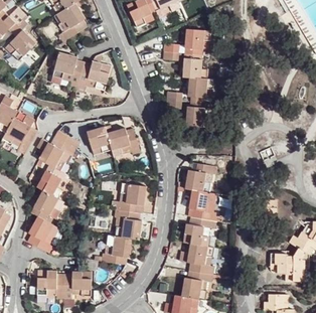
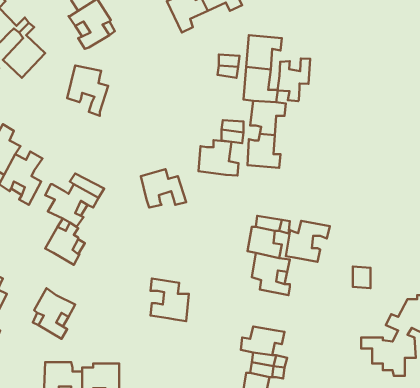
building: none -> [278,59,310,101]
building: [76,60,110,89] -> none
building: none -> [198,140,239,176]
building: [87,126,111,153] -> none
building: [115,182,146,211] -> none
building: [33,189,63,220] -> none
building: [183,216,215,247] -> [286,221,330,262]
building: [101,234,132,263] -> none

